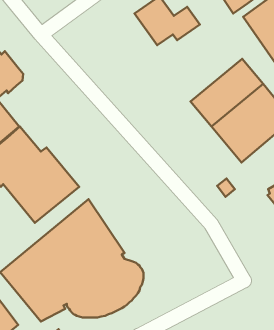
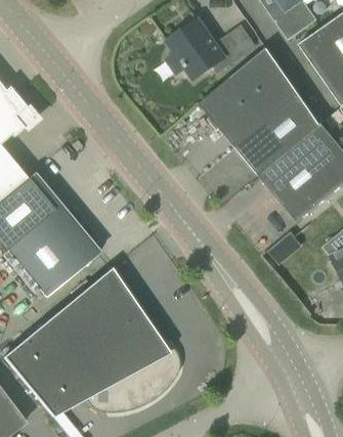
building: none -> [201,51,300,147]

